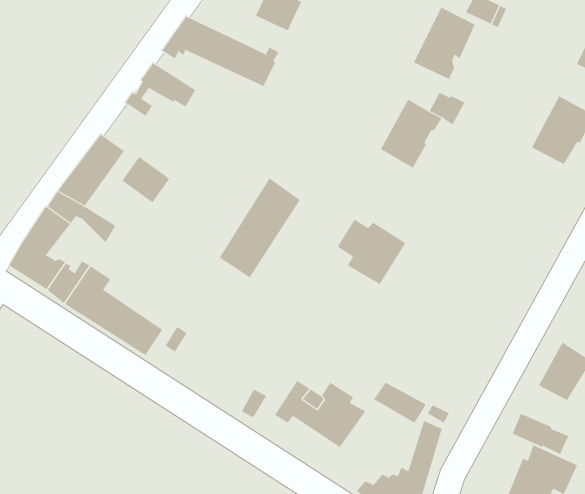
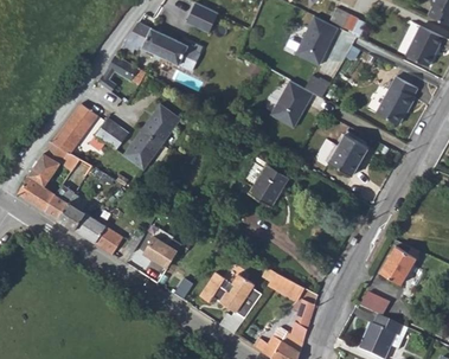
building: [219,178,301,278] -> [122,101,178,169]
building: none -> [328,134,367,175]
building: none -> [146,236,180,268]

